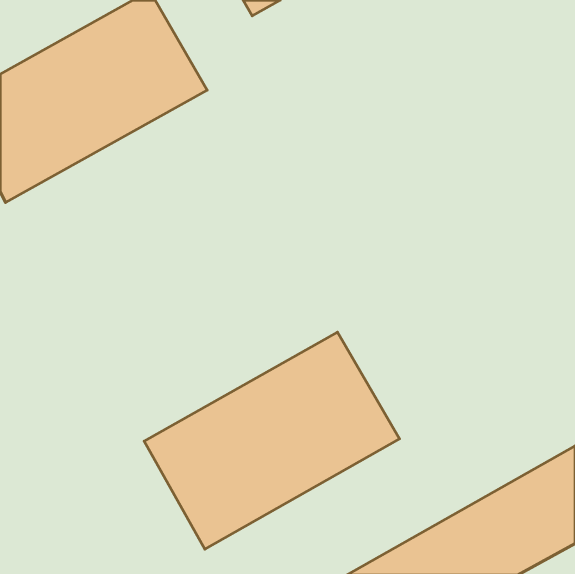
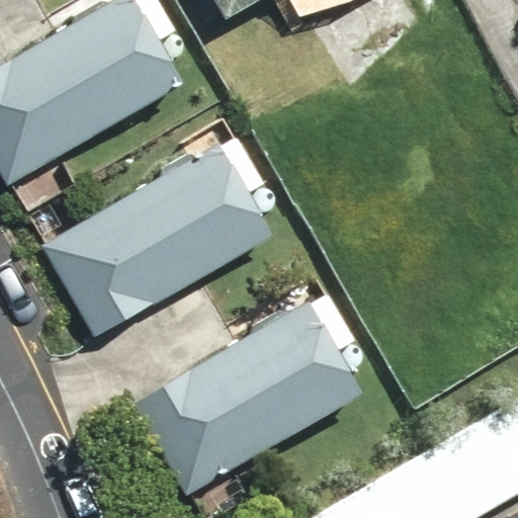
building: none -> [46,147,272,336]

